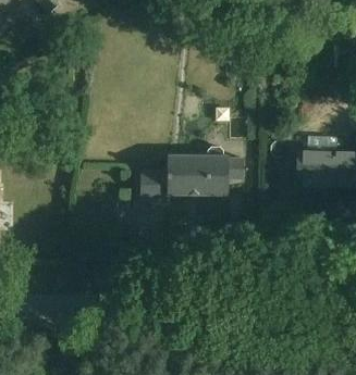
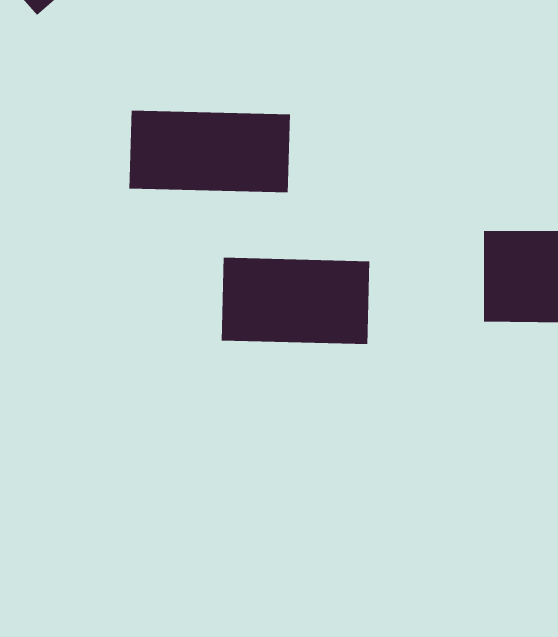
building: none -> [128,110,291,193]

